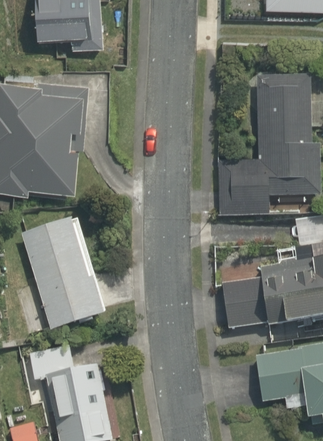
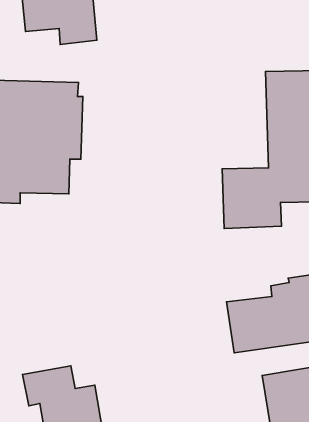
building: [21,212,105,332] -> none

